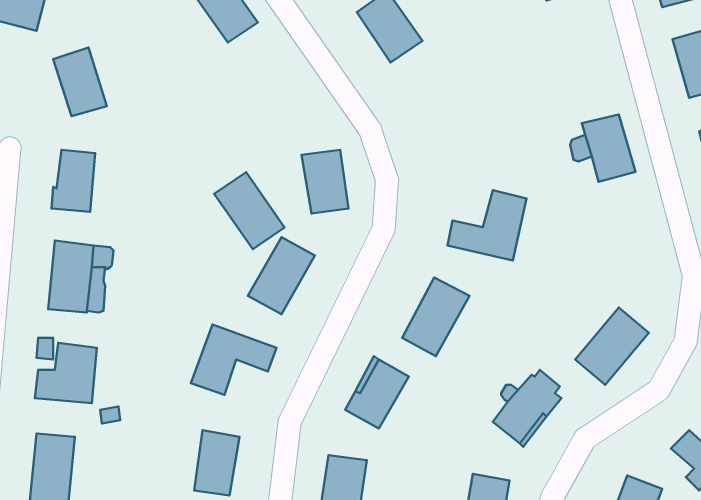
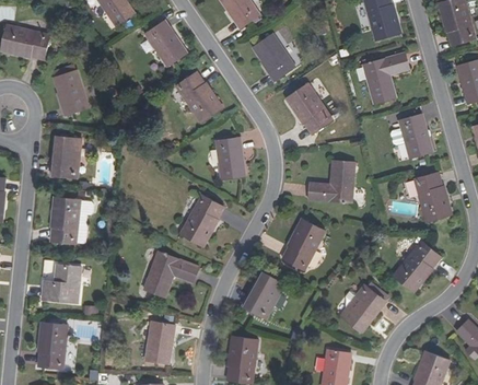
building: none -> [363,51,410,104]
building: none -> [285,85,328,136]
building: [214,172,285,249] -> [176,71,222,121]
building: none -> [415,173,451,221]

